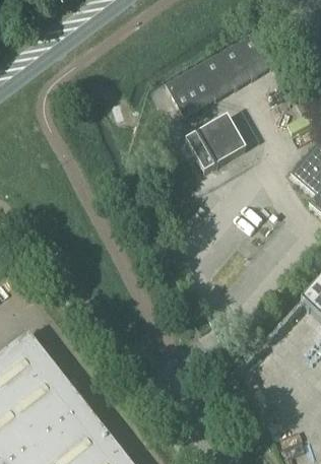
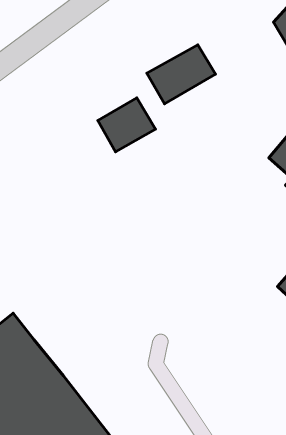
building: [219,32,275,85] -> none
building: [187,116,247,172] -> [98,98,156,152]

